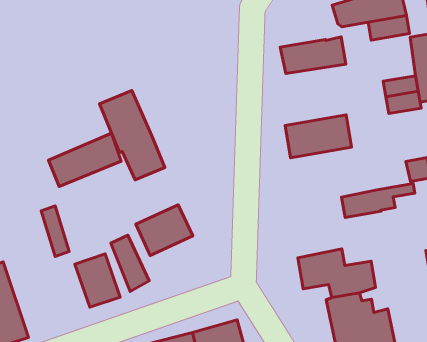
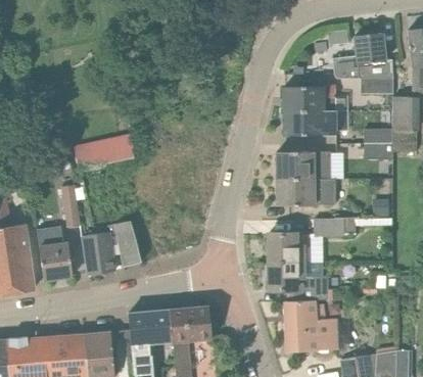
building: none -> [284,108,335,135]
building: [100,90,165,180] -> none
building: none -> [276,179,334,205]
building: [136,205,193,255] -> none
building: none -> [268,233,310,263]
building: none -> [36,226,75,280]

